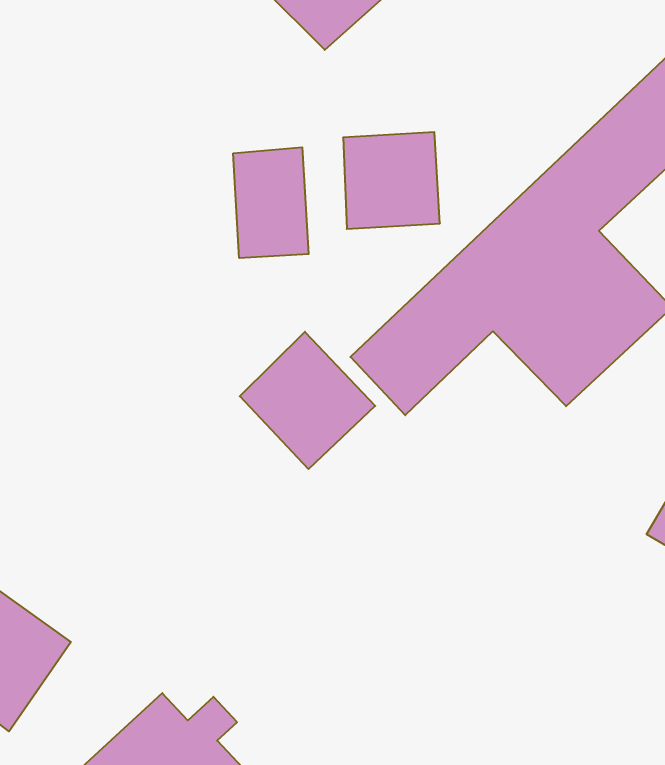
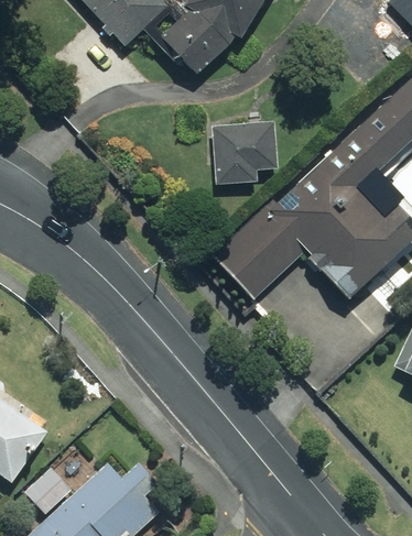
building: [233,147,309,258] -> none
building: [240,332,375,469] -> none

